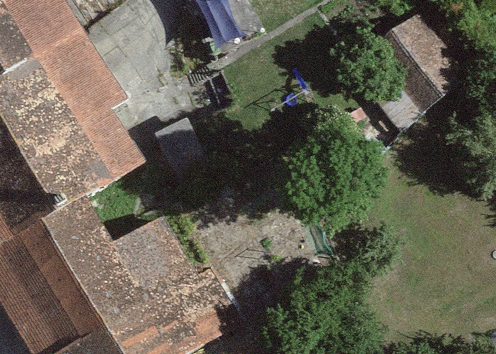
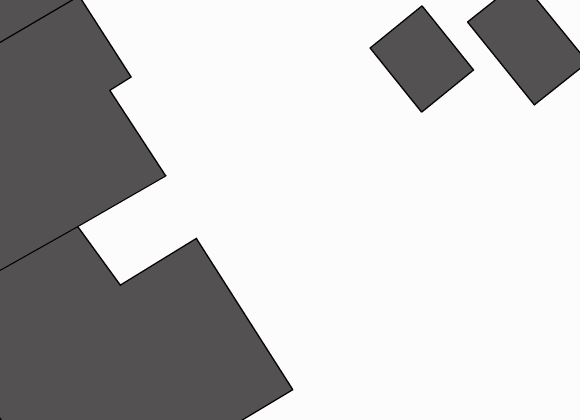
building: none -> [370,6,474,112]

